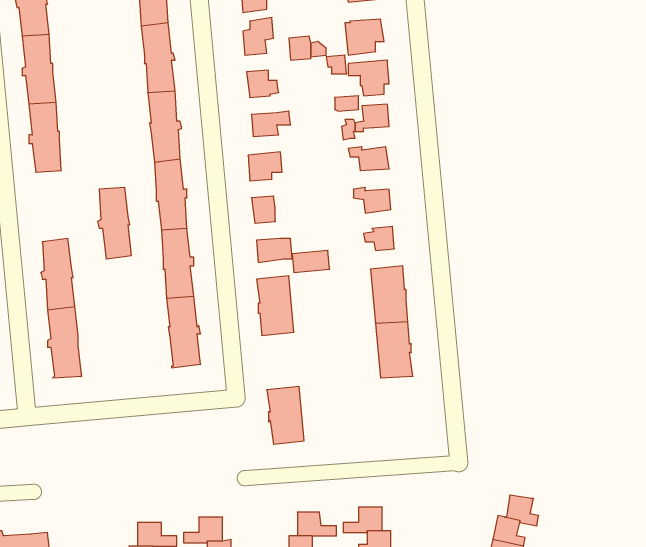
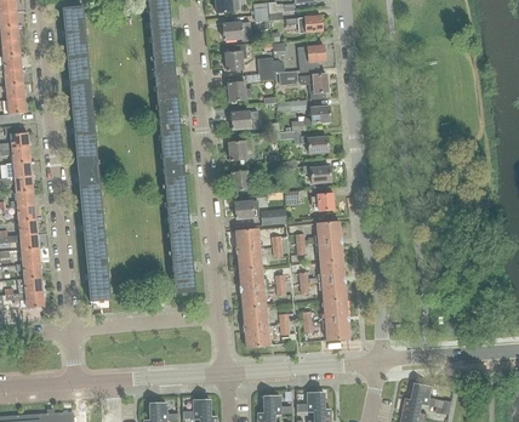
building: [98,187,131,259] -> [75,152,99,203]
building: none -> [238,267,264,308]
building: none -> [323,298,348,338]

